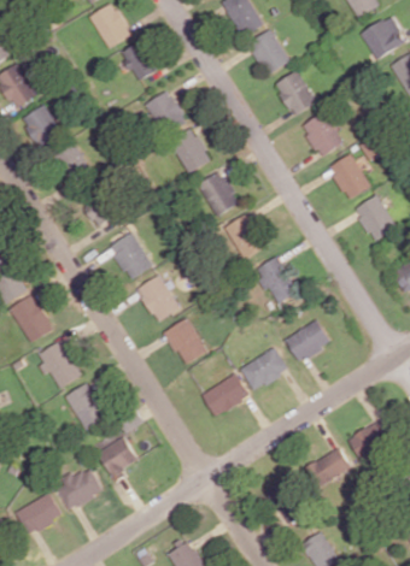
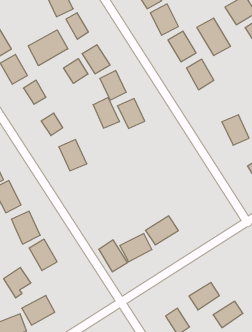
building: none -> [197,18,230,56]
building: none -> [28,30,68,66]
building: none -> [64,59,88,83]
building: [328,153,370,200] -> none
building: [226,213,265,259] -> [93,98,120,128]
building: [253,255,299,303] -> none
building: [136,275,180,322] -> none
building: [164,317,207,365] -> [99,240,128,272]
building: [286,319,332,361] -> none
building: [347,419,392,459] -> [213,301,243,328]
building: [98,436,139,482] -> [4,267,31,298]

